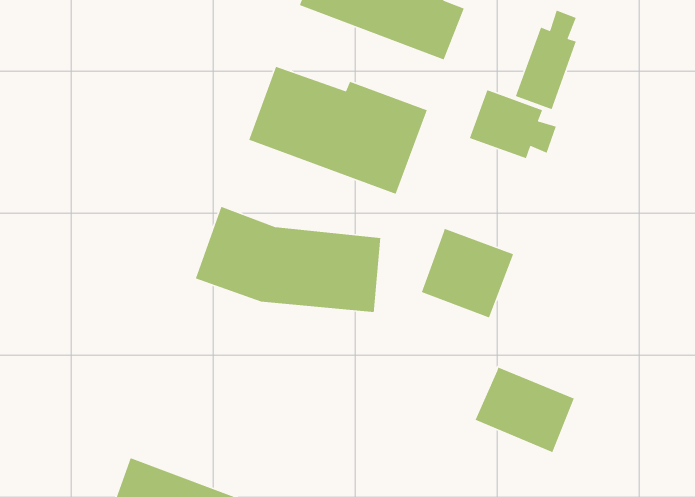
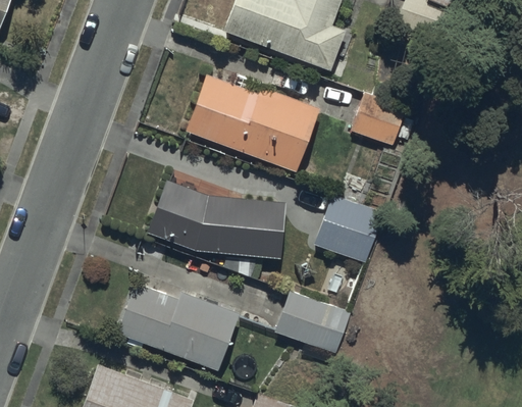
building: [515,10,577,110] -> none
building: none -> [116,285,238,369]
building: [475,367,575,453] -> [273,291,348,355]

